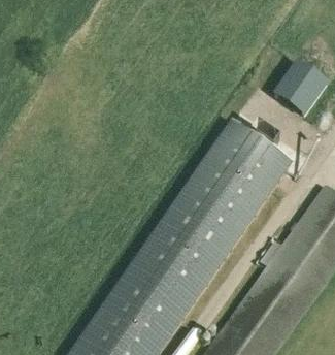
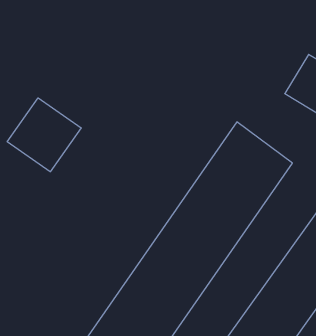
building: none -> [7,98,81,172]

